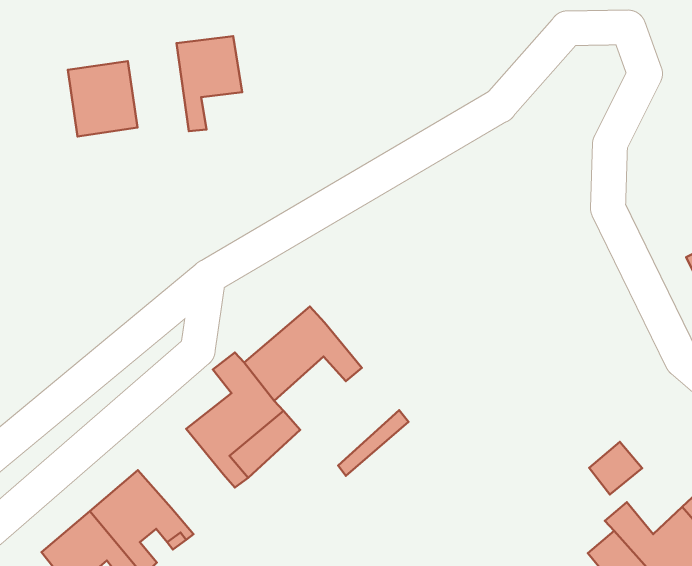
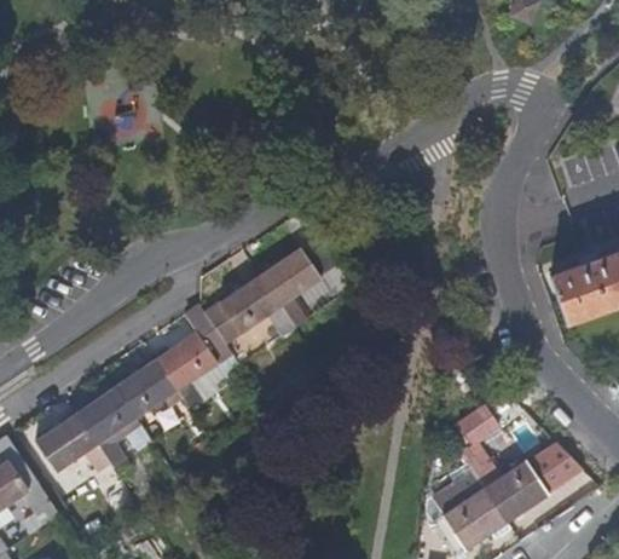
building: [176,36,242,131] -> none
building: none -> [261,238,341,328]
building: none -> [117,358,181,416]

